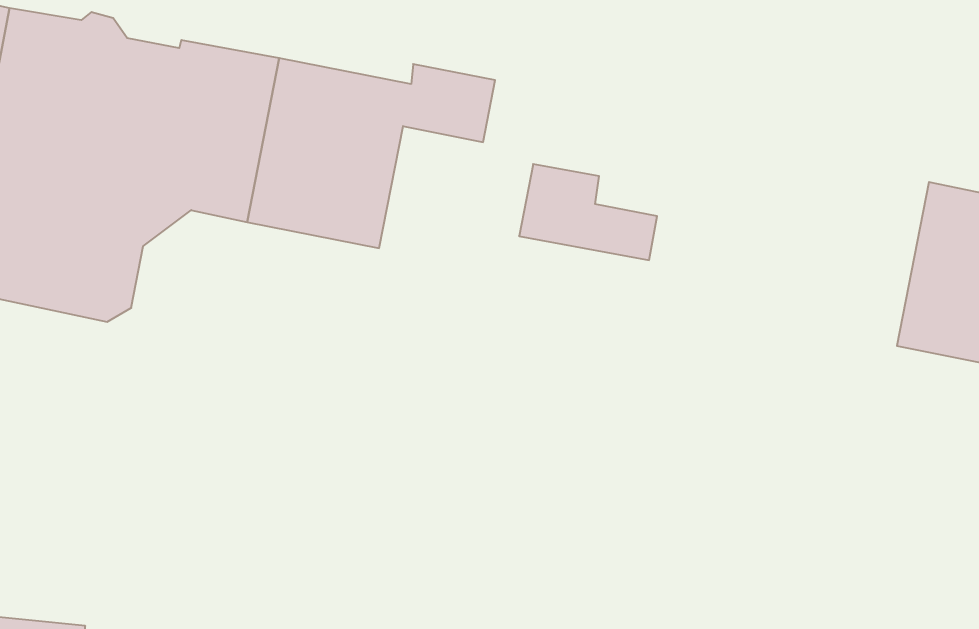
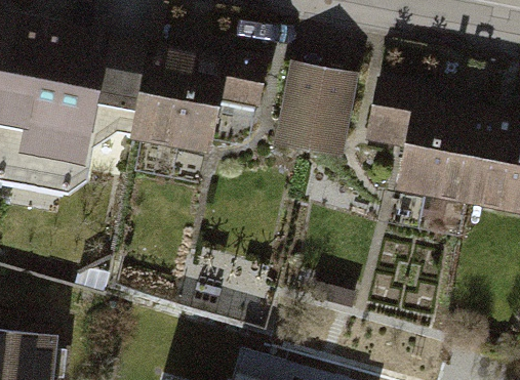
building: none -> [284,64,358,132]
building: none -> [369,84,487,199]

